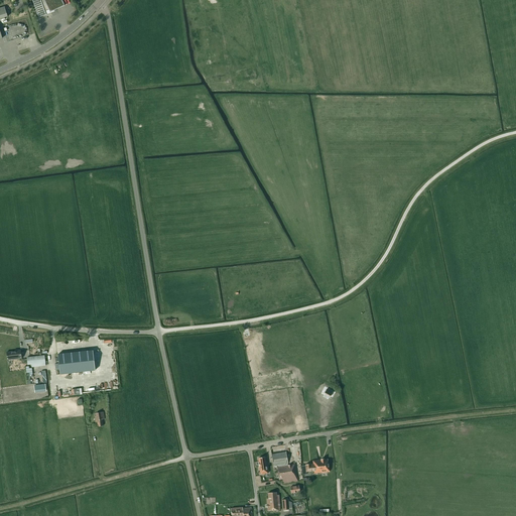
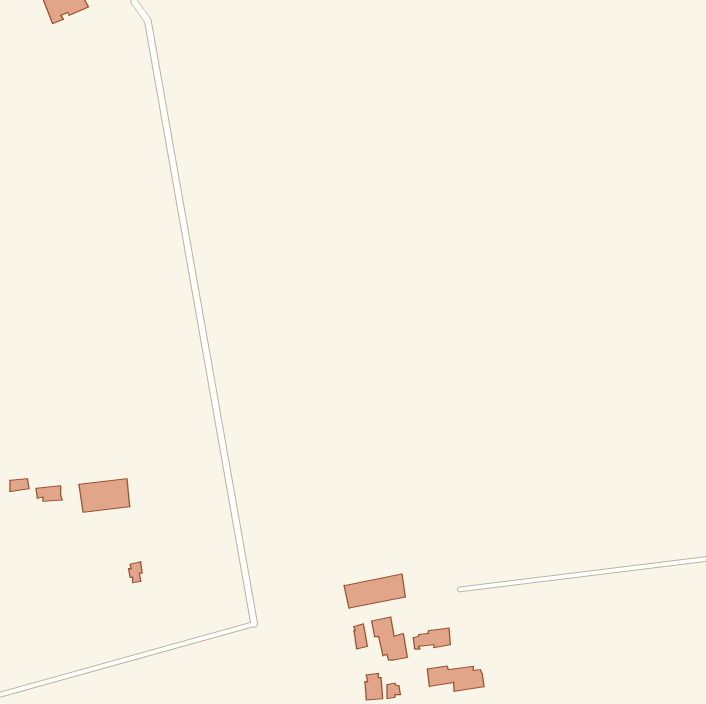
building: none -> [344,574,405,608]
building: none -> [427,666,484,691]

